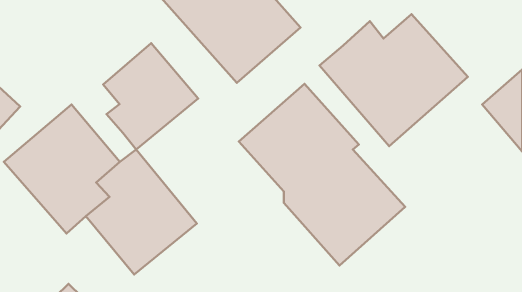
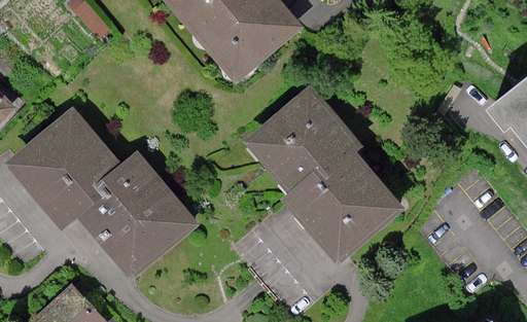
building: [319,14,468,146] -> none
building: [103,43,198,150] -> none

